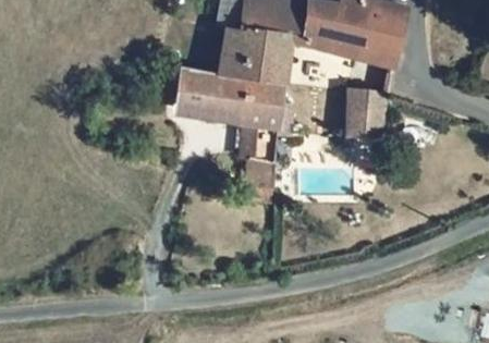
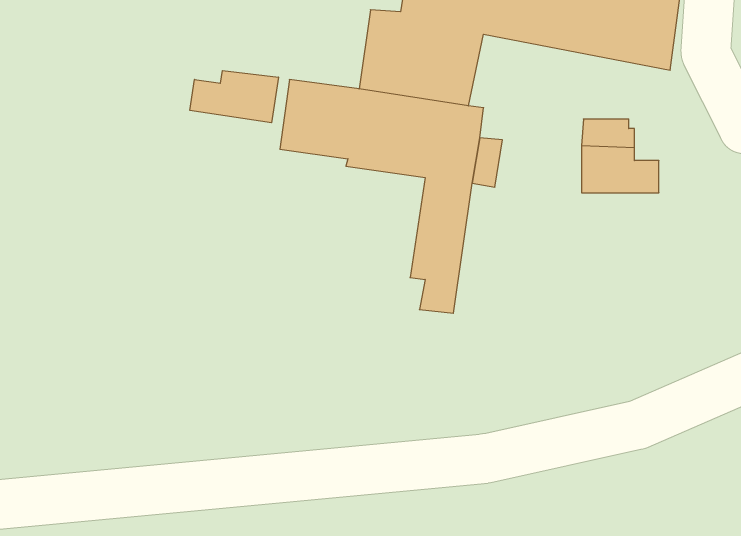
building: none -> [190,71,278,123]

